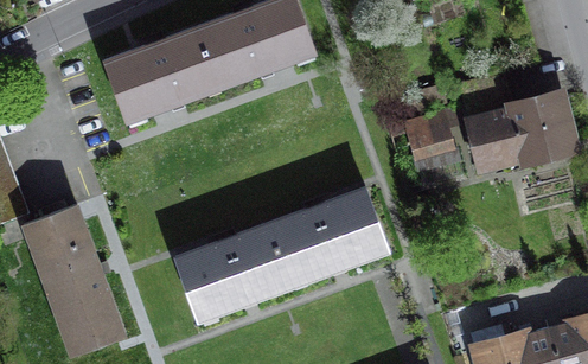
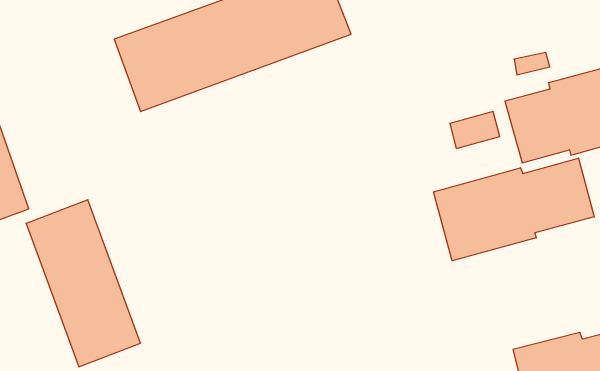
building: none -> [433,158,594,261]
building: [165,192,390,325] -> none

